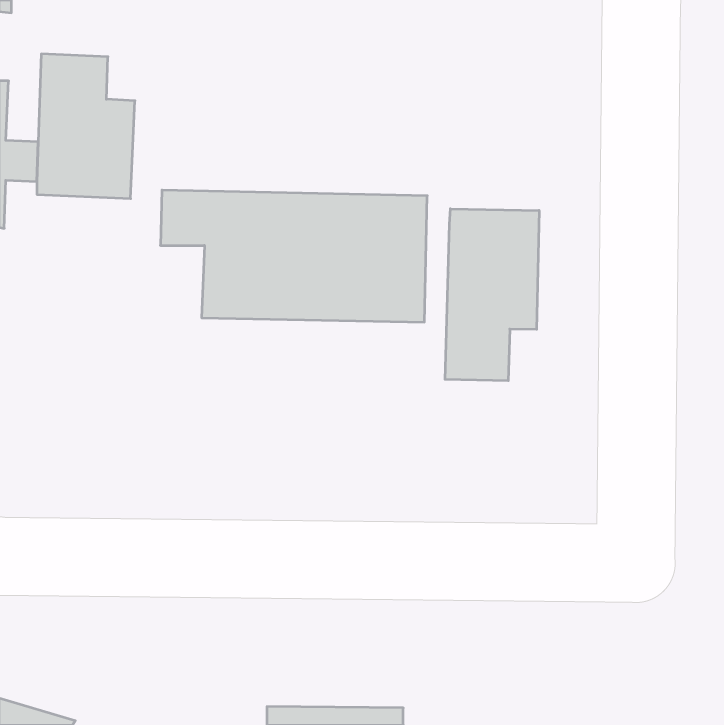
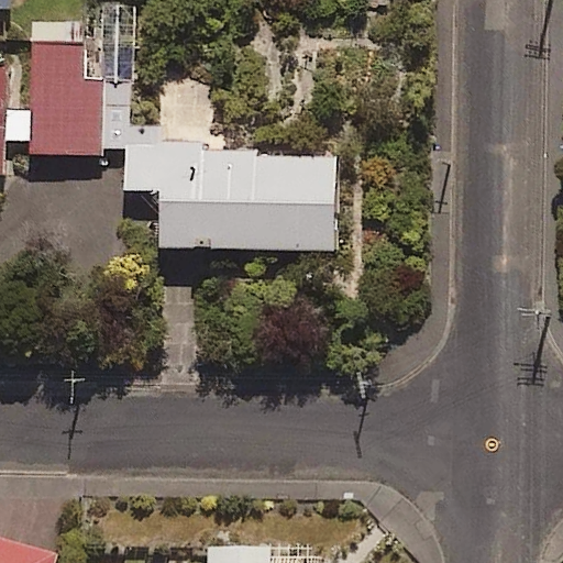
building: [445,209,539,381] -> none

